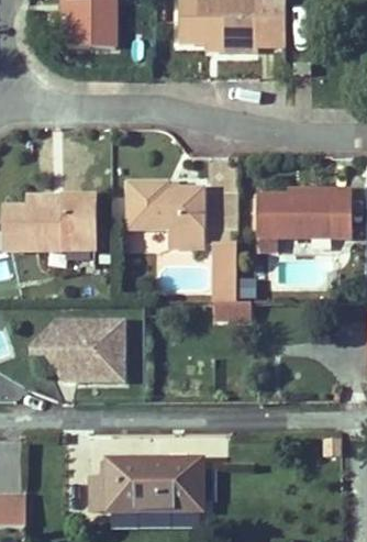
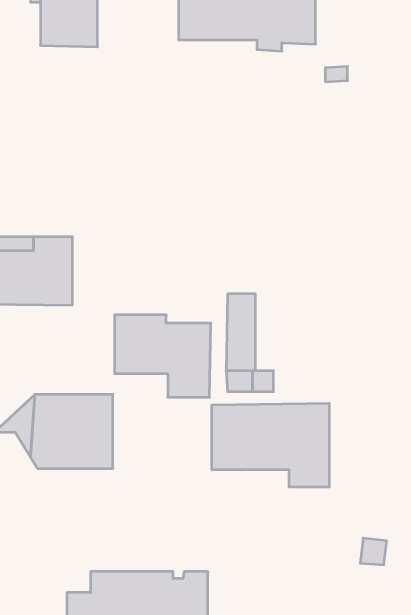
building: [127,181,203,246] -> [115,315,211,397]
building: [257,188,349,252] -> none
building: none -> [212,403,329,487]

